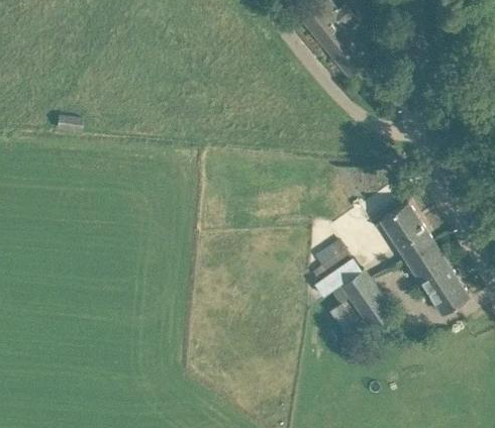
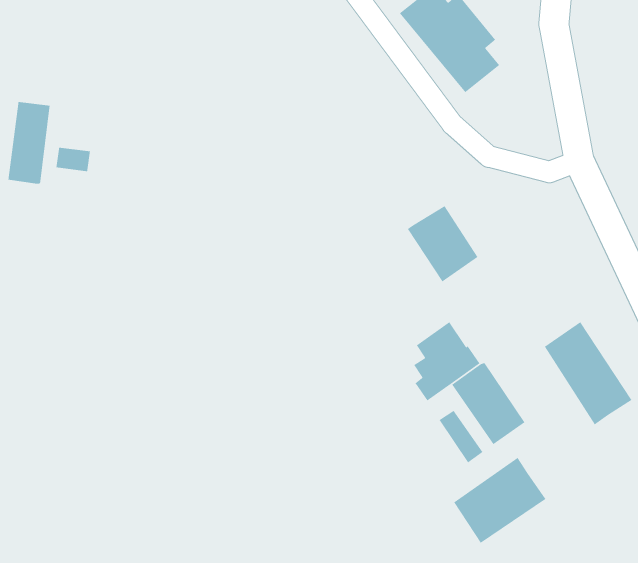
building: none -> [8,101,50,185]
building: [380,202,431,257] -> [407,205,479,282]
building: none -> [453,457,546,544]

